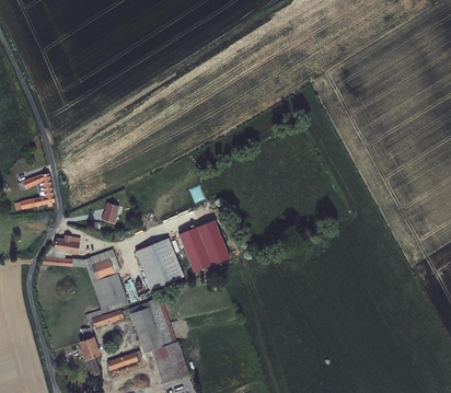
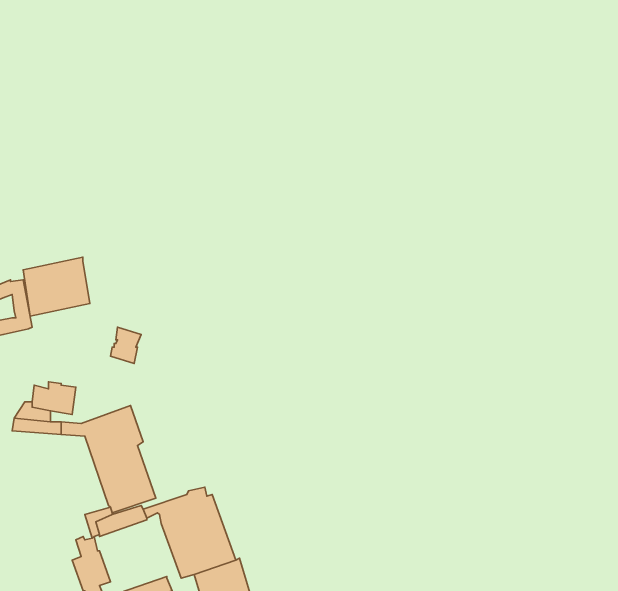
building: none -> [23,257,90,316]
building: [177,219,229,273] -> none
building: [135,238,183,289] -> none

